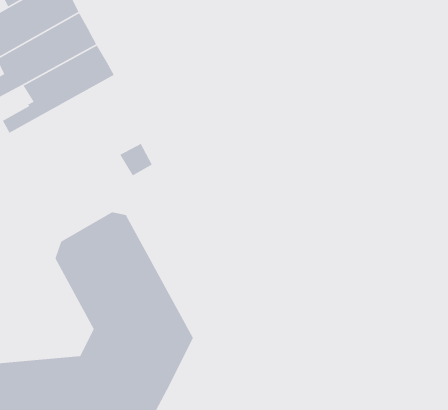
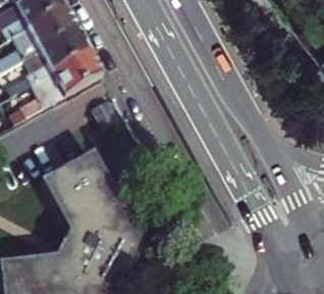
building: none -> [23,55,102,117]

